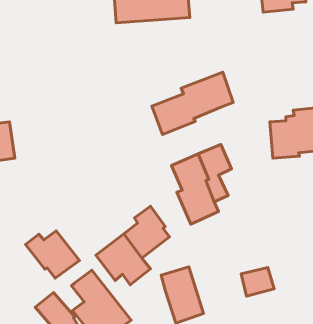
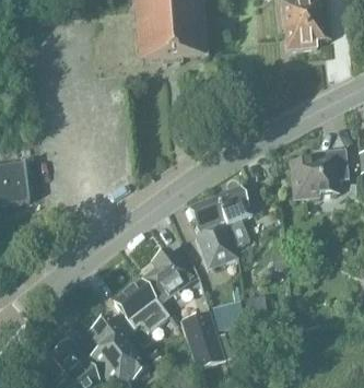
building: [152,72,233,135] -> none
building: [25,231,79,278] -> none
building: [241,268,274,296] -> [211,301,245,330]

